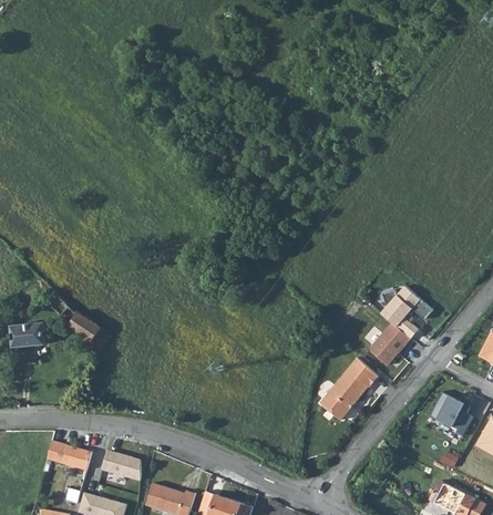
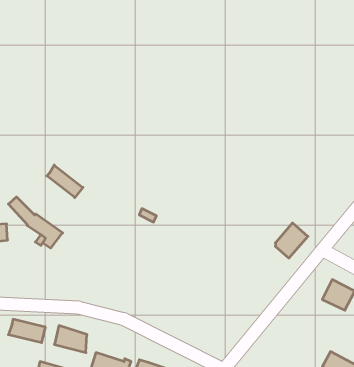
building: none -> [47,165,83,198]
building: [381,286,432,339] -> none
building: [320,359,379,421] -> none

